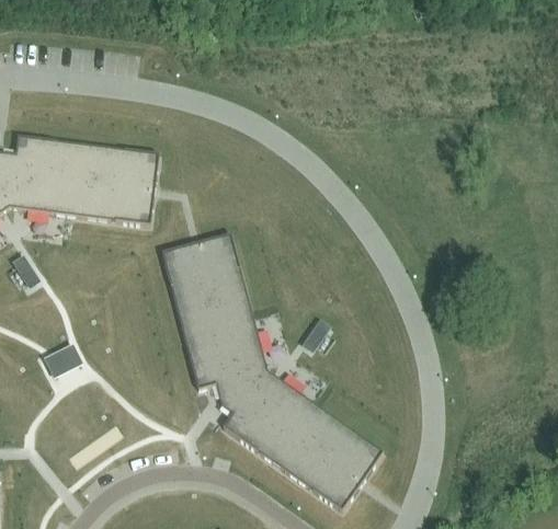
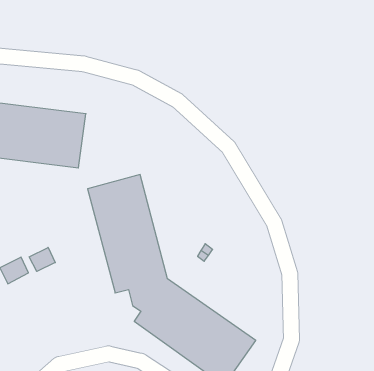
building: none -> [29,247,55,271]

